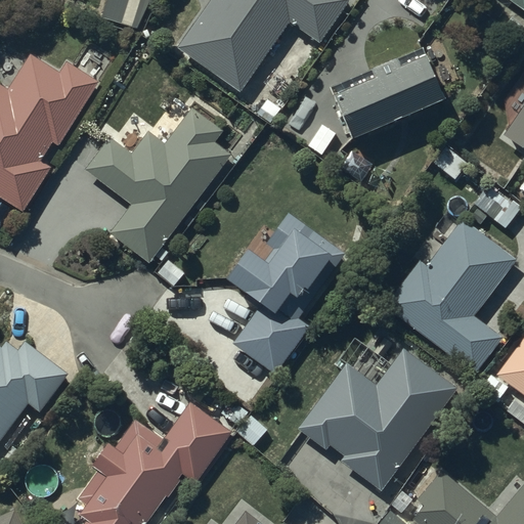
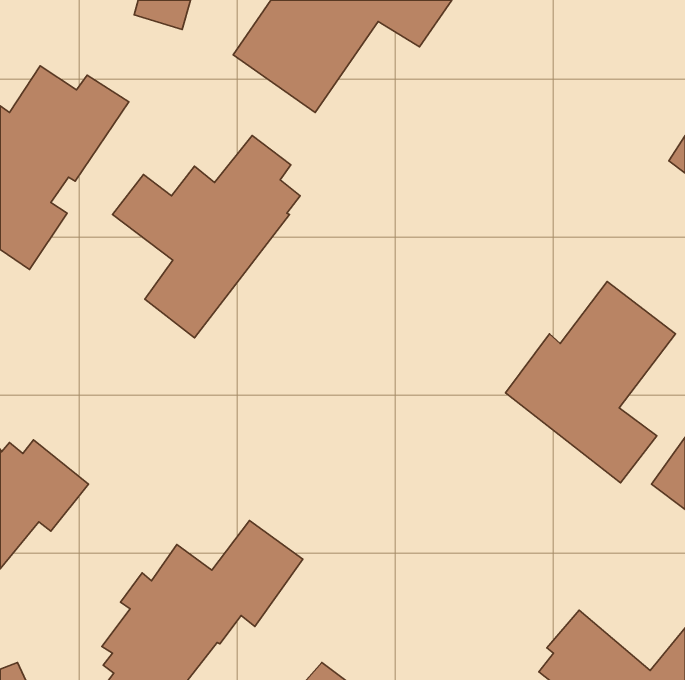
building: [333,61,446,145] -> none
building: [226,213,344,373] -> none
building: [298,338,456,488] -> none

